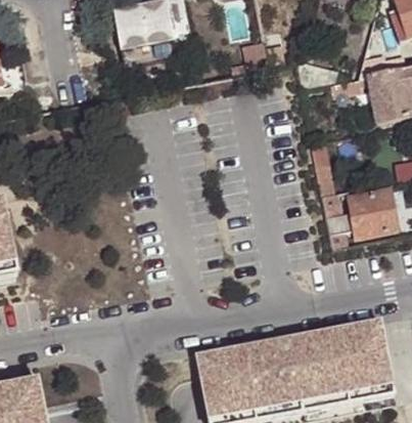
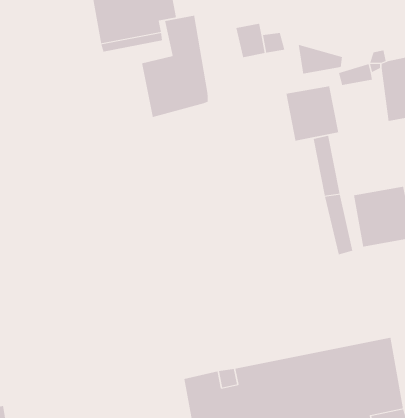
building: none -> [142,15,208,118]
building: none -> [286,86,339,141]

